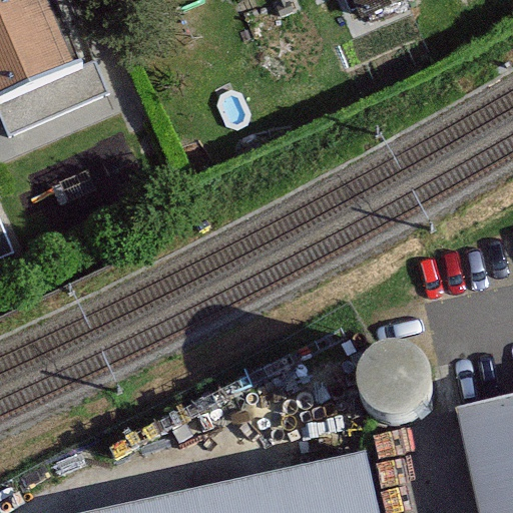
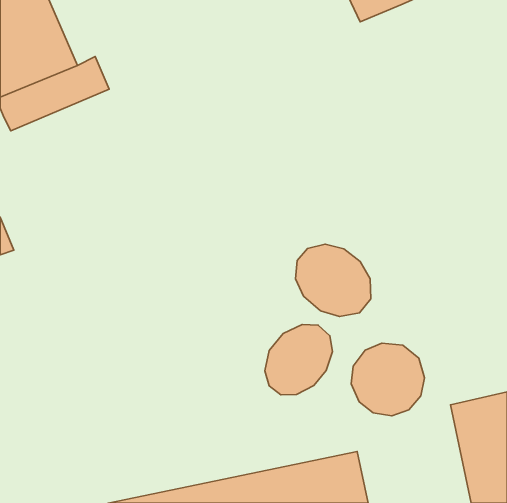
building: none -> [295,244,371,317]
building: none -> [265,325,332,395]

